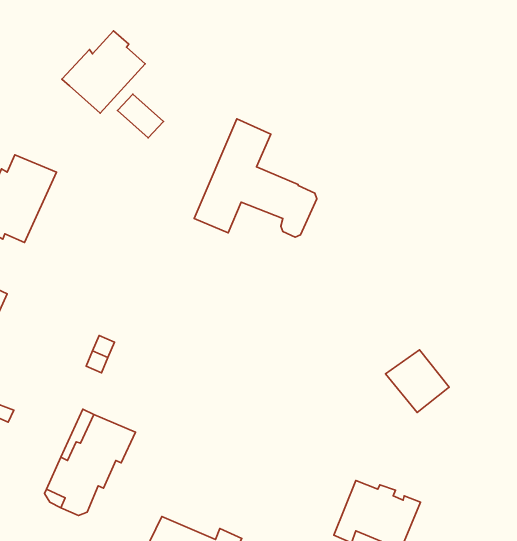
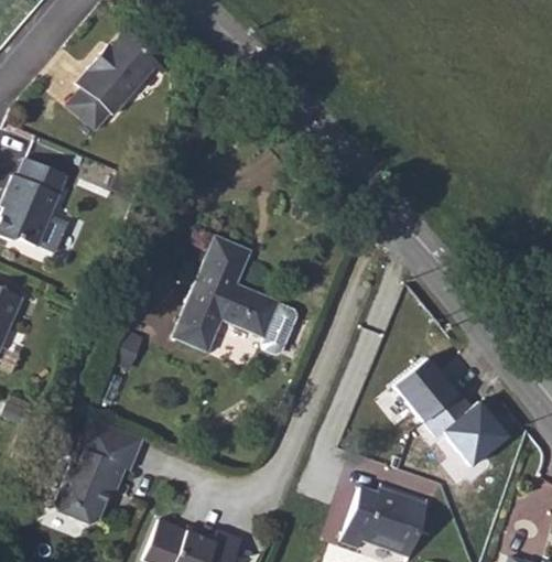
building: [117,94,163,138] -> [63,90,109,134]
building: [194,119,317,237] -> [175,239,299,358]
building: none -> [427,393,510,463]

